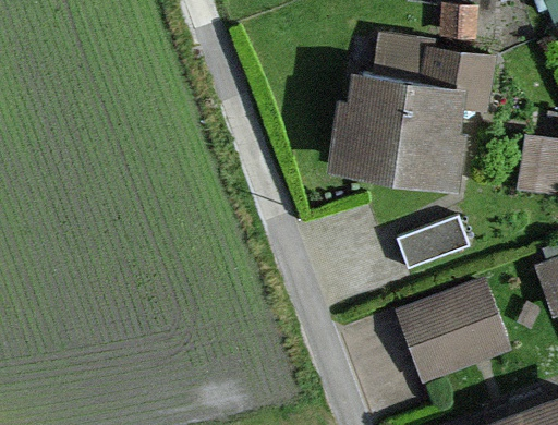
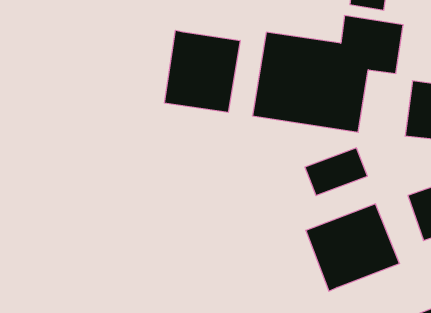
building: none -> [165,30,240,112]

